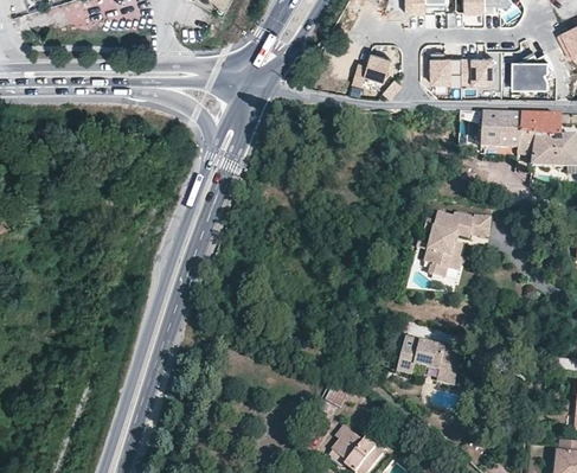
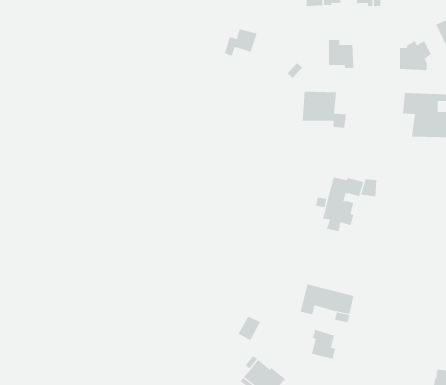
building: [353,53,392,87] -> [224,29,257,57]
building: [461,58,493,84] -> none
building: [480,114,533,158] -> [302,91,347,128]
building: none -> [311,329,336,360]

